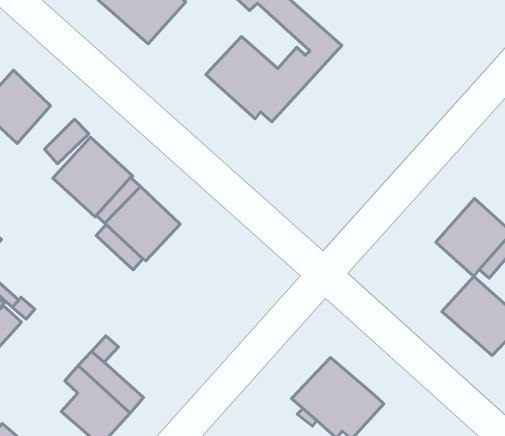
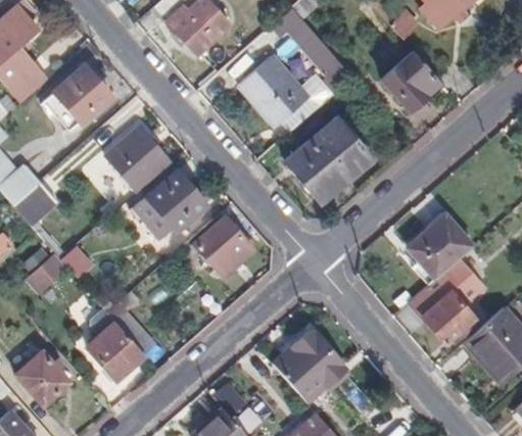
building: none -> [382,52,439,108]
building: none -> [285,117,369,199]
building: none -> [192,217,246,272]

